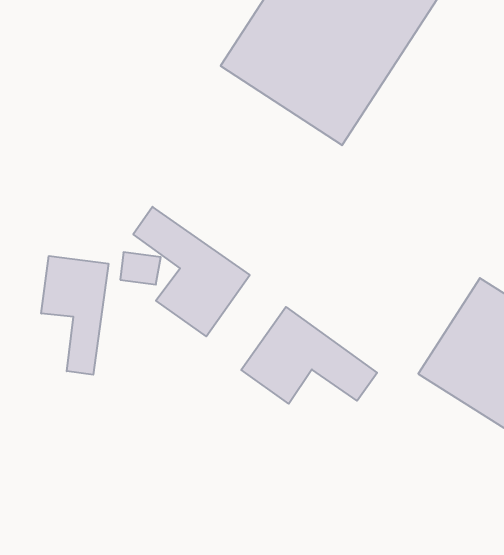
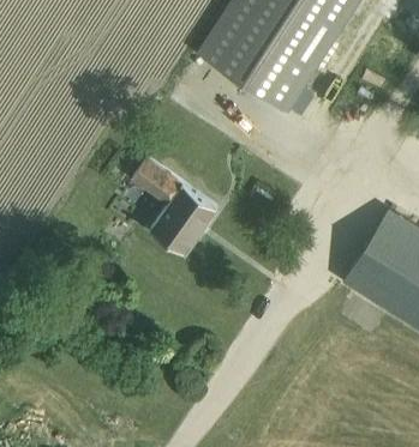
building: [41,256,108,375] -> none
building: [241,307,377,404] -> none

